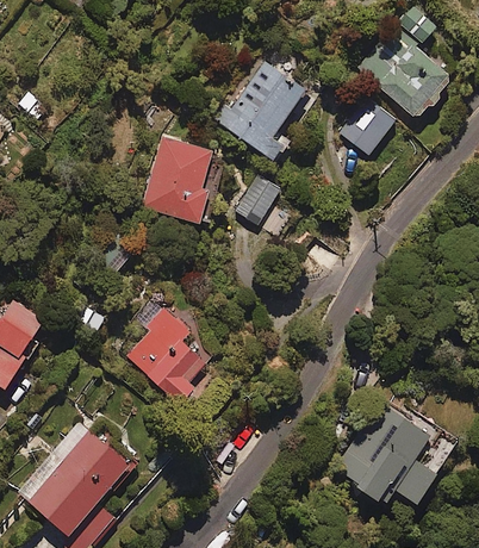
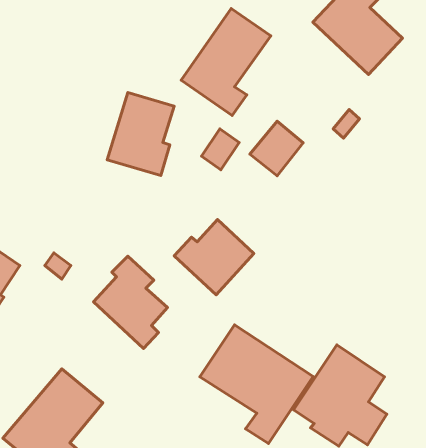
building: [338,98,394,155] -> [250,121,303,176]
building: none -> [174,219,254,295]
building: none -> [200,325,313,443]

